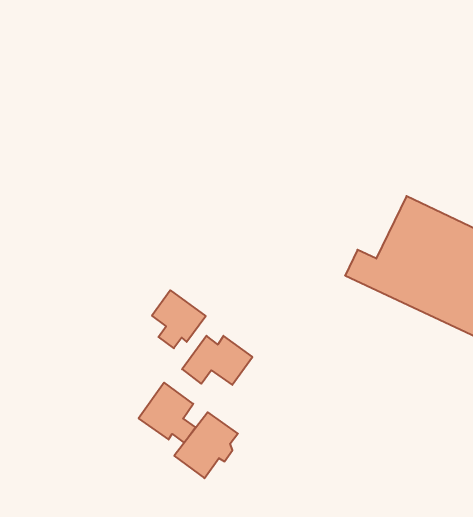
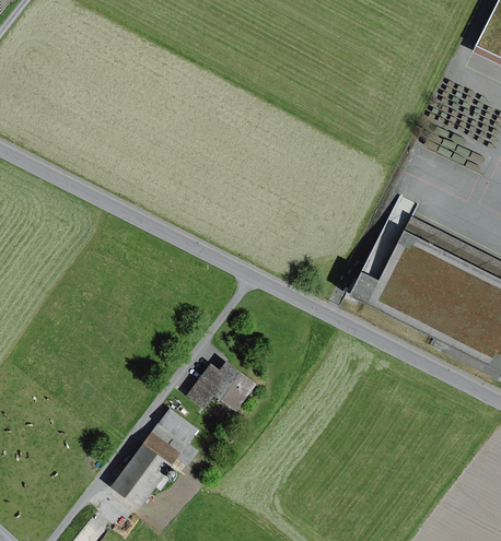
building: [152,290,206,348] -> none
building: [174,412,238,478] -> [113,439,175,504]

